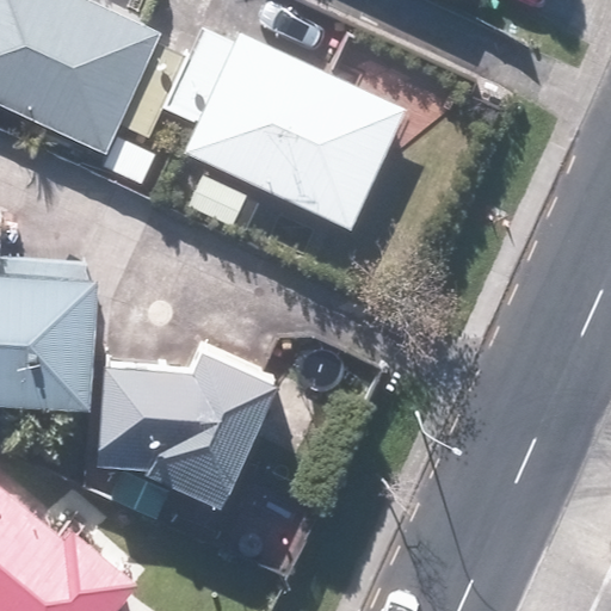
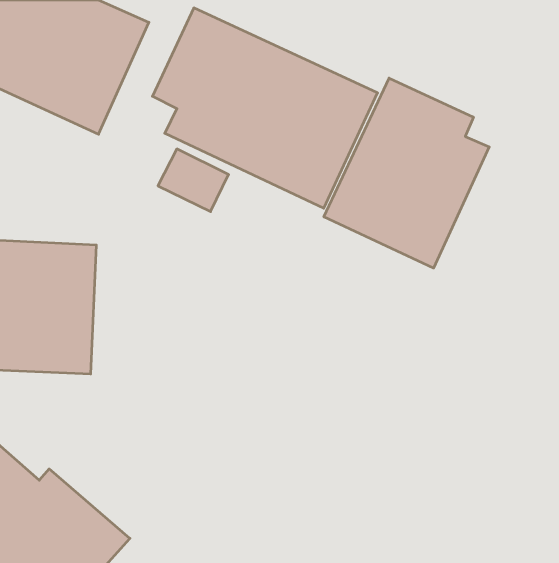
building: none -> [324,78,489,268]
building: [93,350,366,507] -> none

